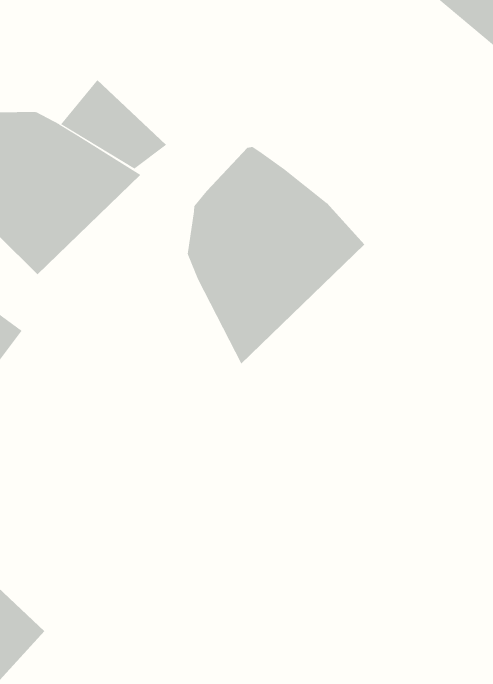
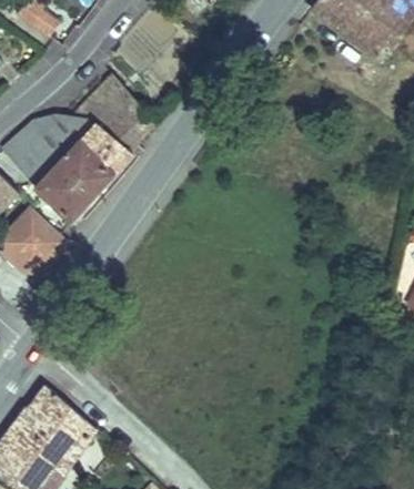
building: [187,146,365,365] -> none

